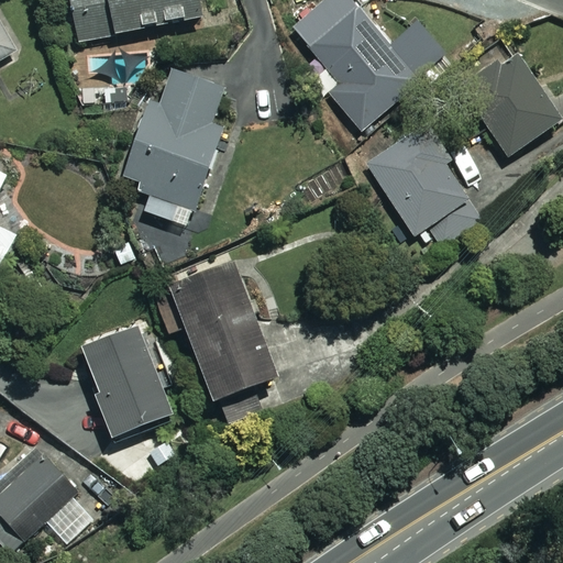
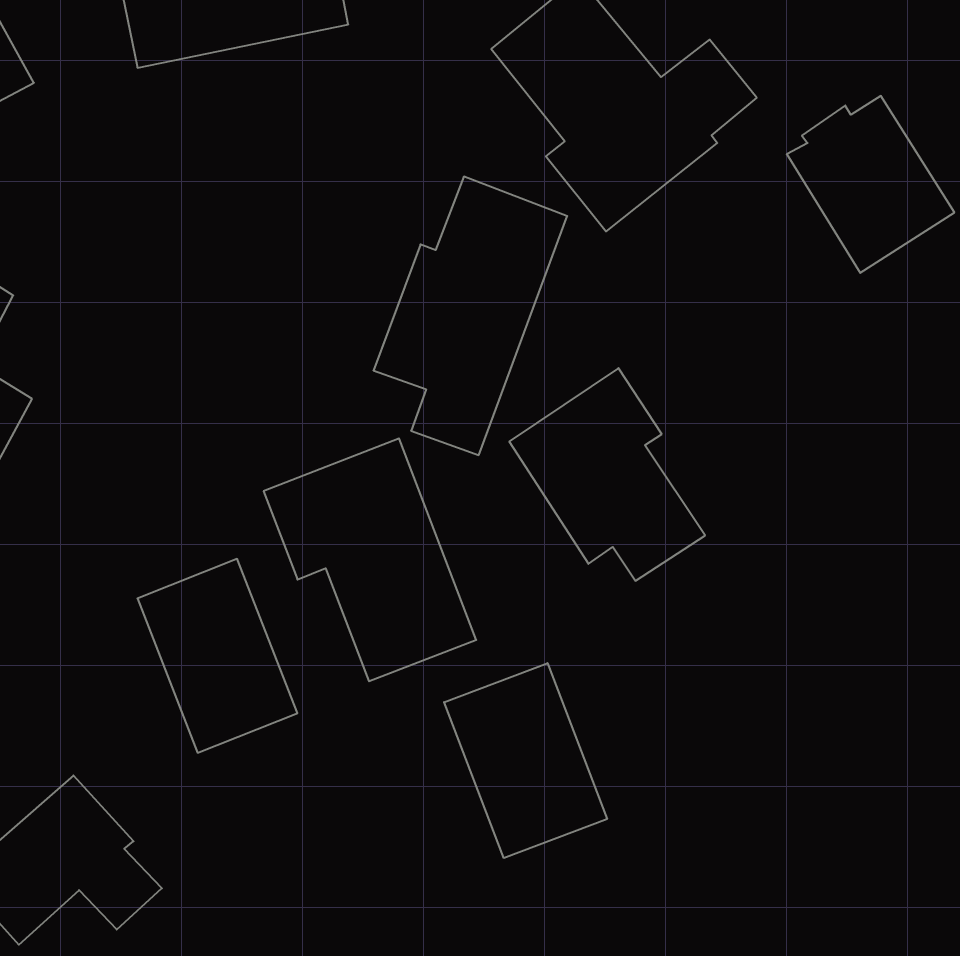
building: [124,60,238,223] -> [373,177,567,455]
building: [363,122,477,246] -> [509,368,705,581]
building: none -> [444,663,607,858]

